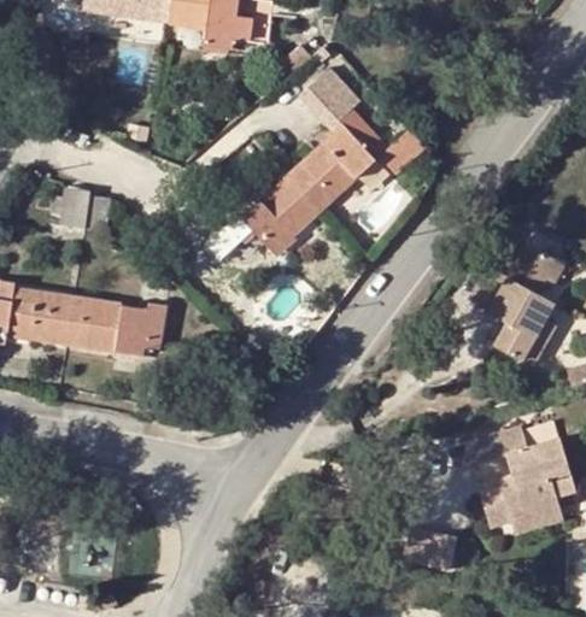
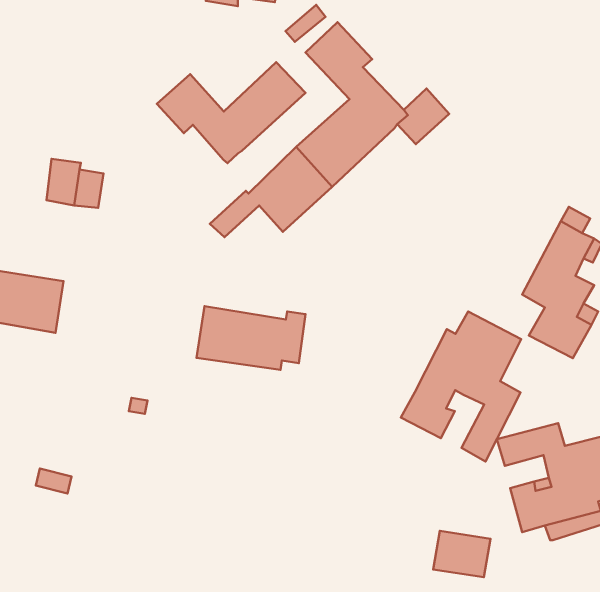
building: none -> [157,62,305,163]
building: [66,298,165,355] -> [197,306,306,370]
building: none -> [401,311,521,461]

